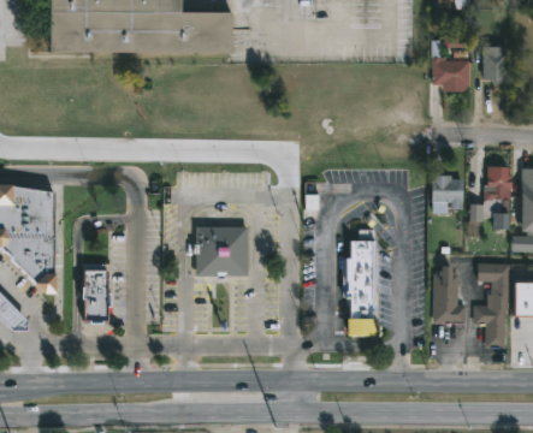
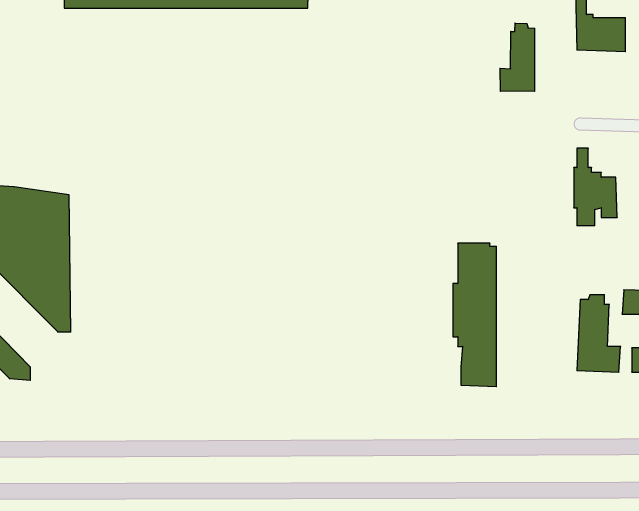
building: none -> [500,23,535,91]
building: [191,226,245,279] -> none
building: [78,262,108,322] -> none

